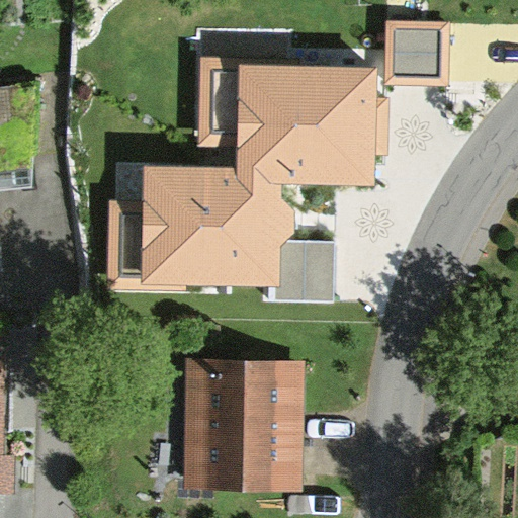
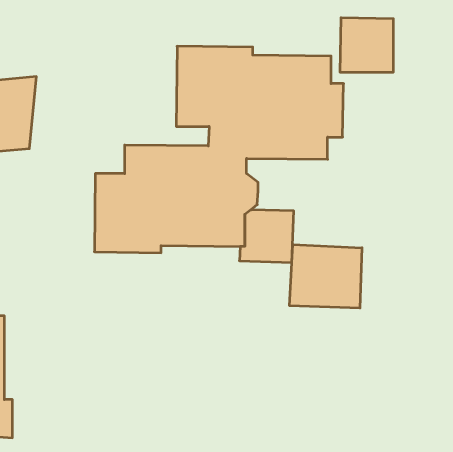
building: none -> [290,244,362,308]
building: [182,361,301,491] -> none

